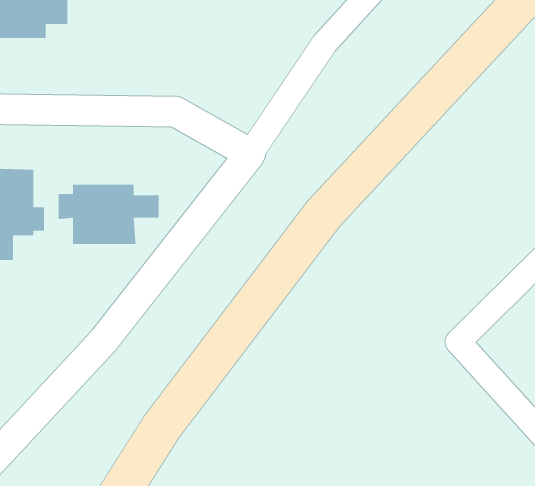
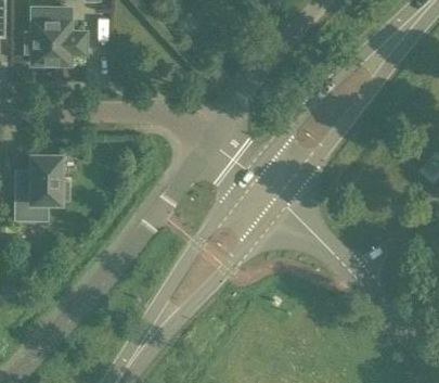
building: [58,184,160,245] -> none

